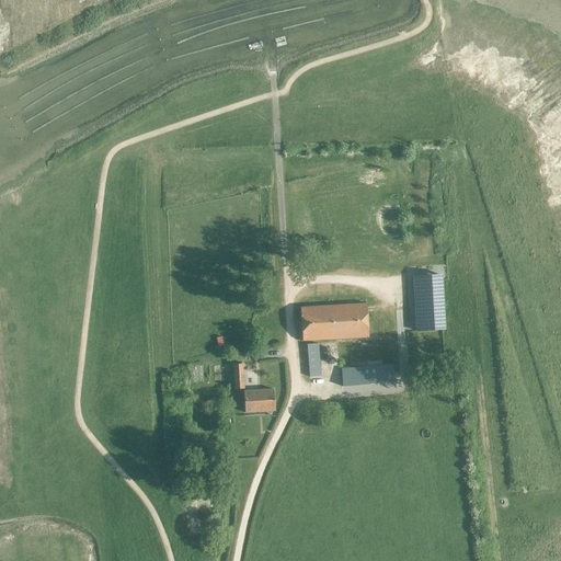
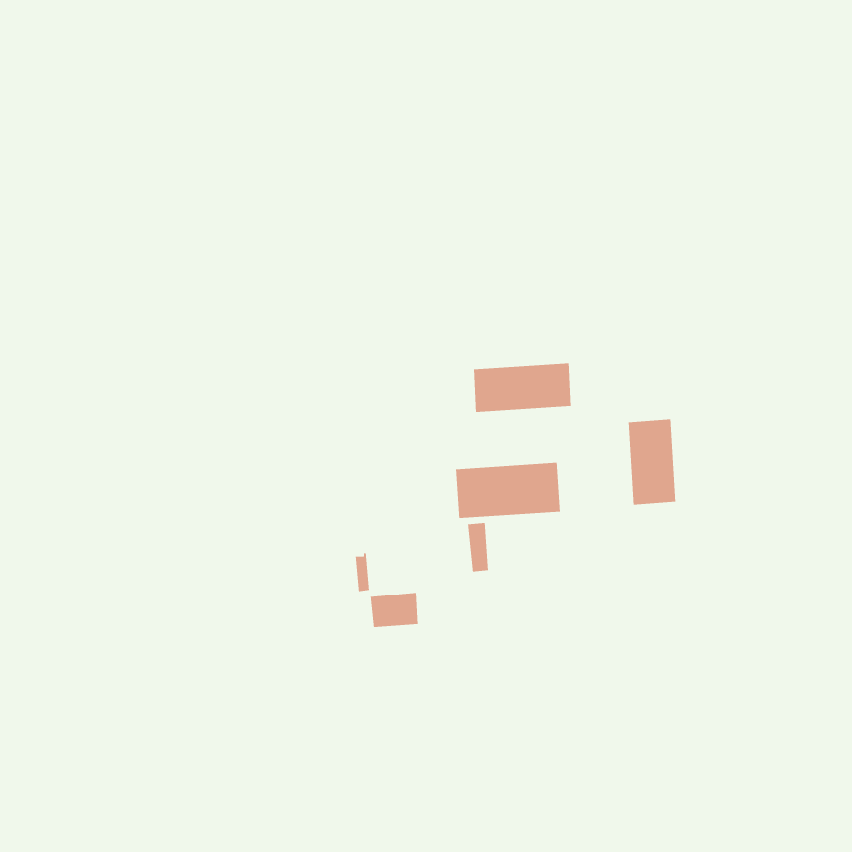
building: none -> [473,363,572,413]
building: [343,364,396,386] -> none

